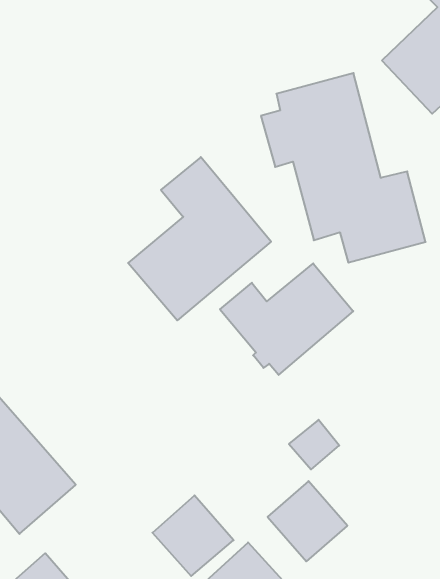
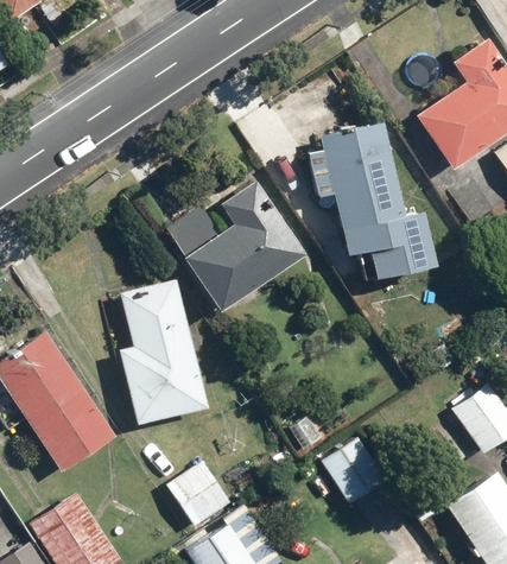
building: [220,263,353,375] -> none
building: none -> [119,280,204,436]
building: [268,481,347,561] -> [324,437,389,503]

